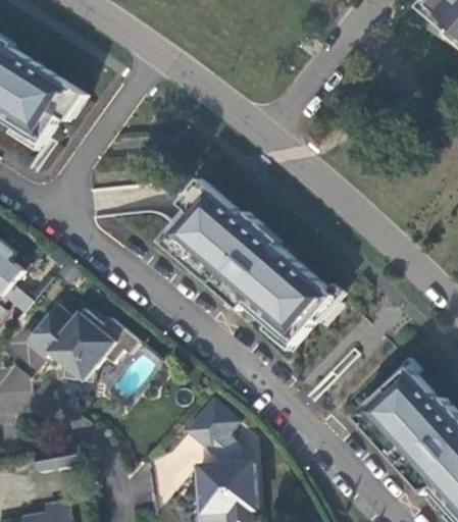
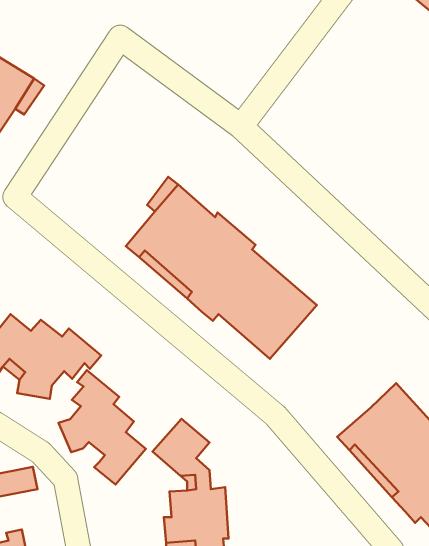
building: none -> [58,370,146,485]

